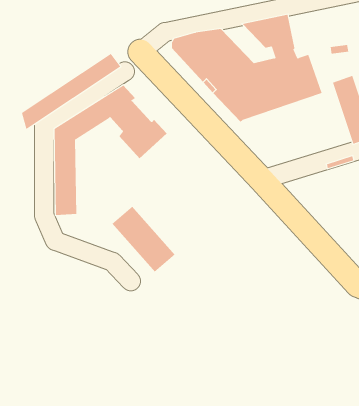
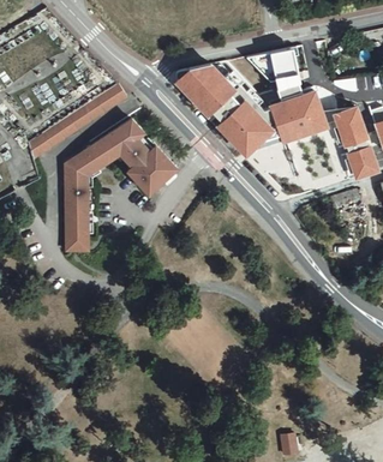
building: [111,206,175,273] -> none

